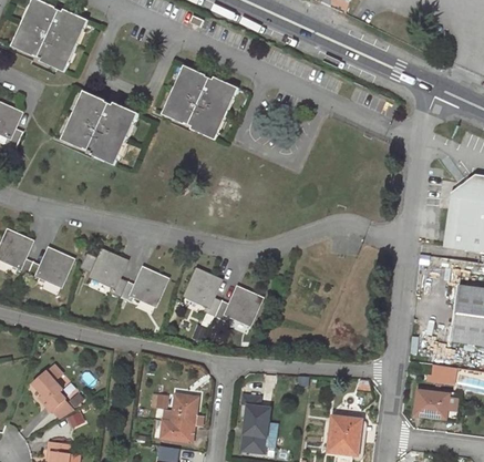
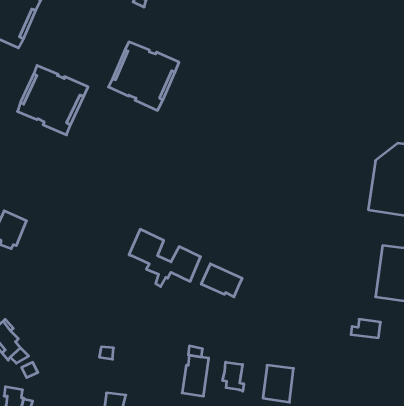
building: [81,248,166,304] -> none
building: none -> [201,264,242,297]
building: [413,390,460,419] -> none
building: [159,393,198,440] -> none
building: none -> [223,362,244,391]

